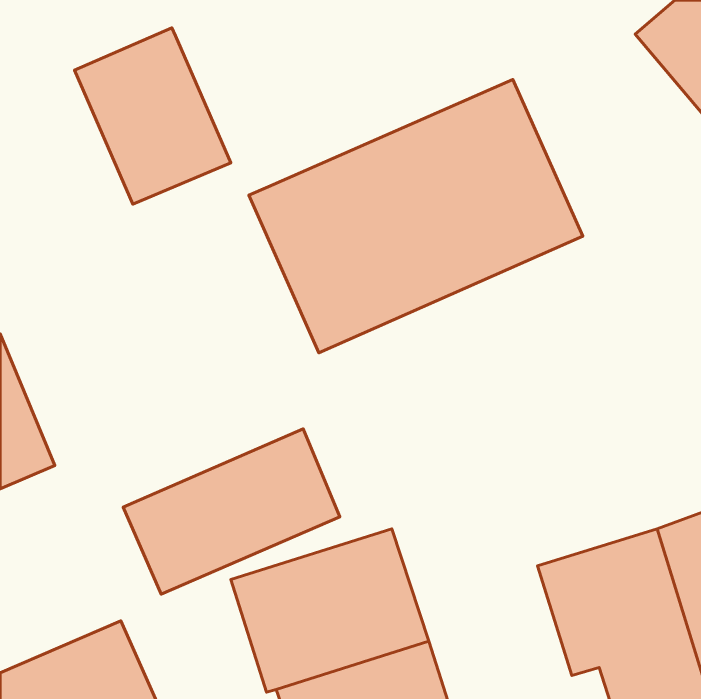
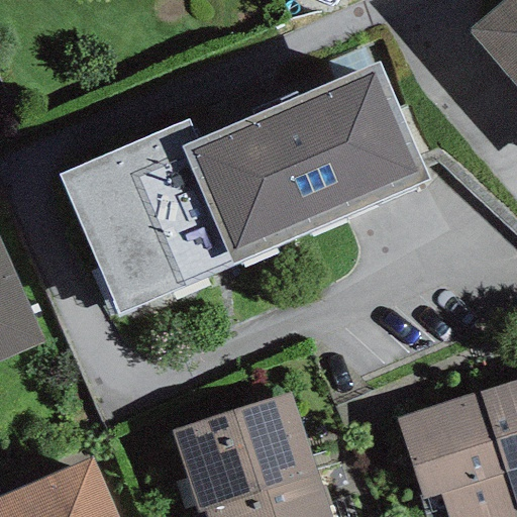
building: [75,28,231,204] -> none
building: none -> [60,117,235,312]
building: [123,429,340,594] -> none

